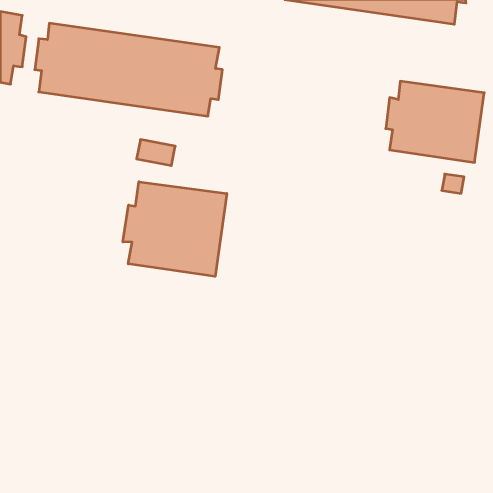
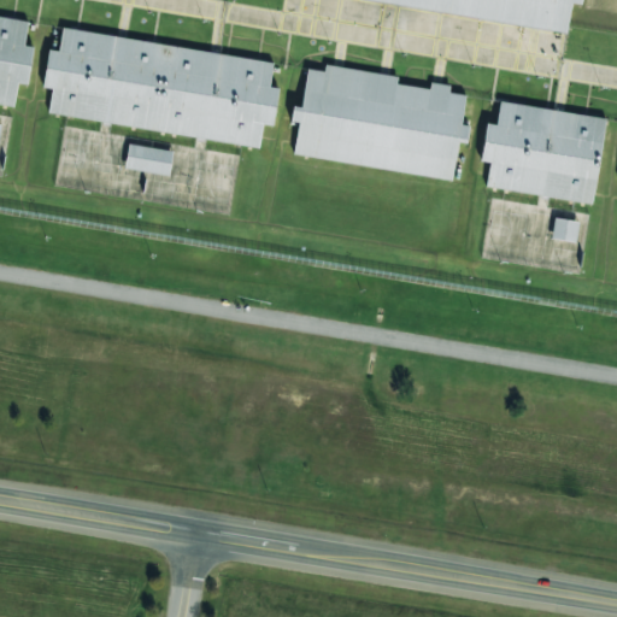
building: none -> [292,64,469,177]
building: [137,140,175,166] -> [125,142,174,175]
building: [123,182,227,276] -> none

